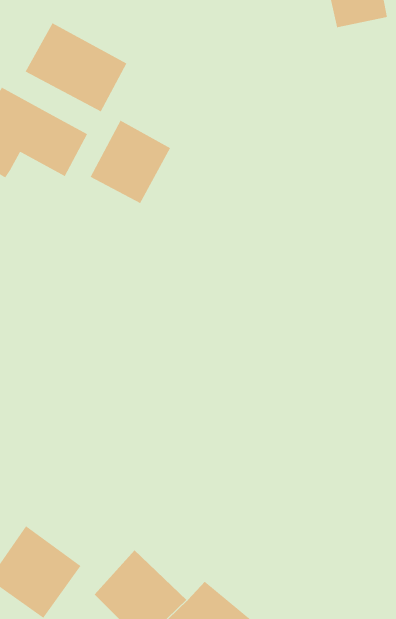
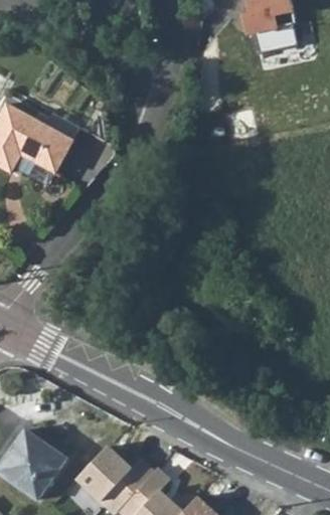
building: [24,22,127,113] -> none
building: [90,120,171,204] -> none

